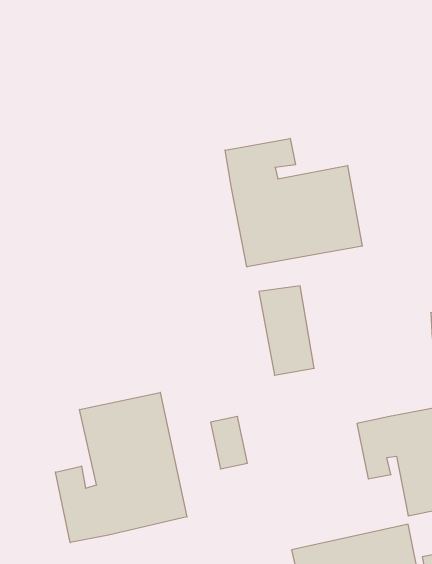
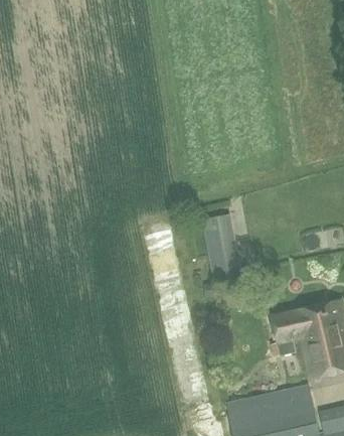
building: [225,138,362,267] -> none
building: [55,392,187,543] -> none

